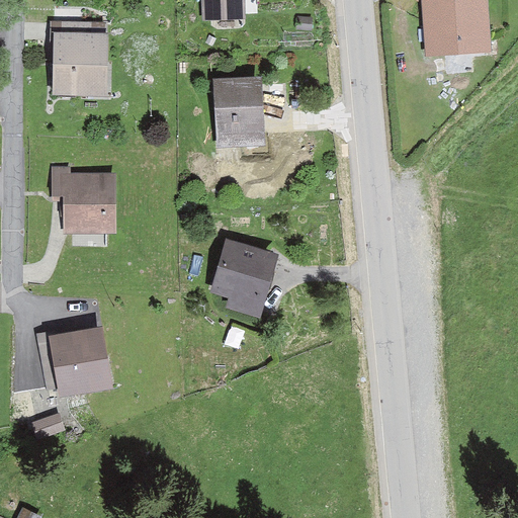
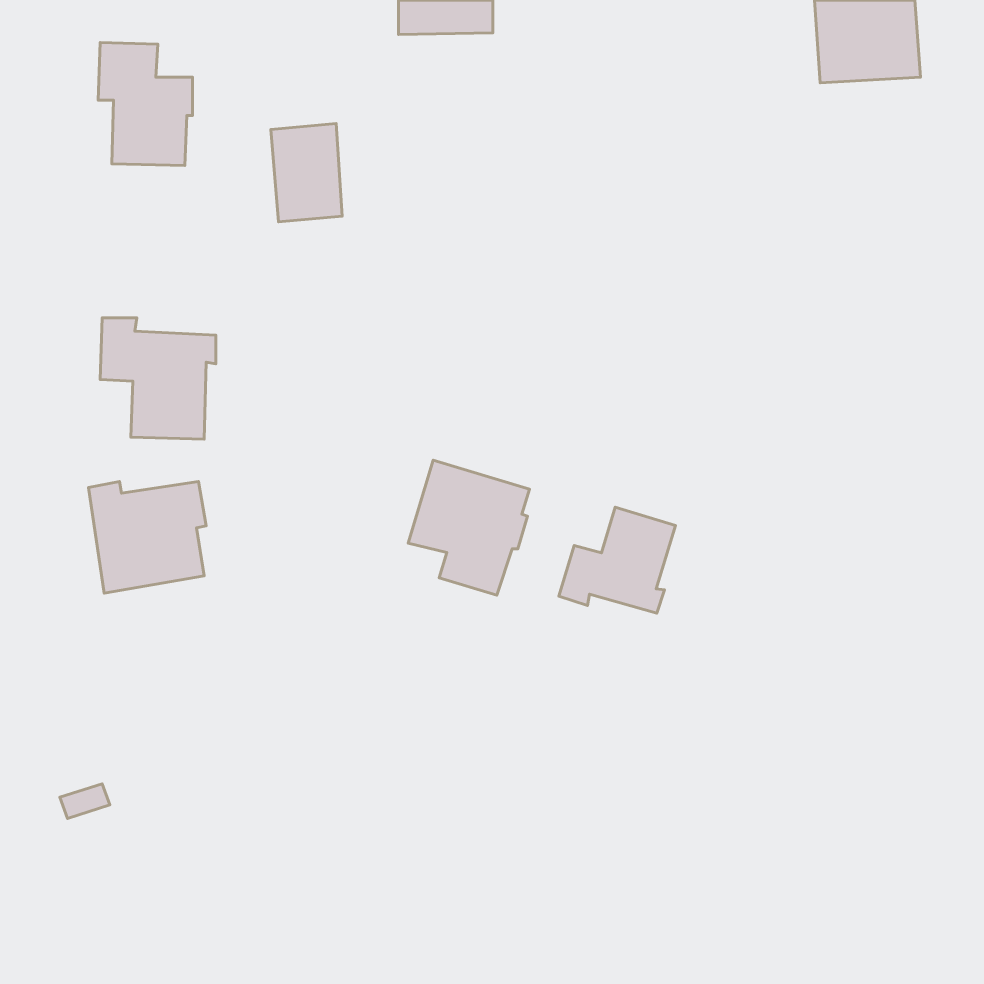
building: [222,86,259,138] -> [271,124,342,222]
building: none -> [559,507,676,613]
building: [40,333,102,392] -> [89,482,206,593]

